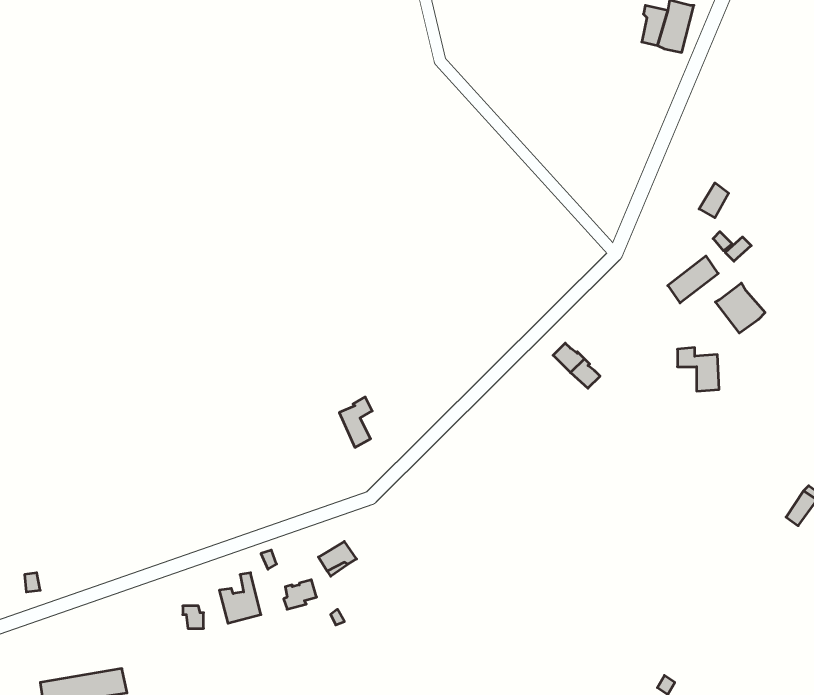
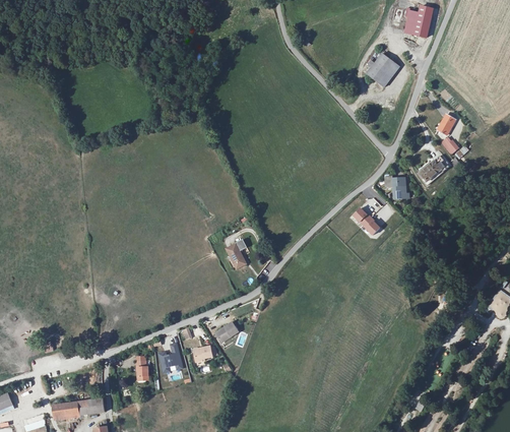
building: none -> [366,53,399,87]
building: [715,283,765,333] -> none
building: [677,348,719,391] -> [383,174,407,199]

